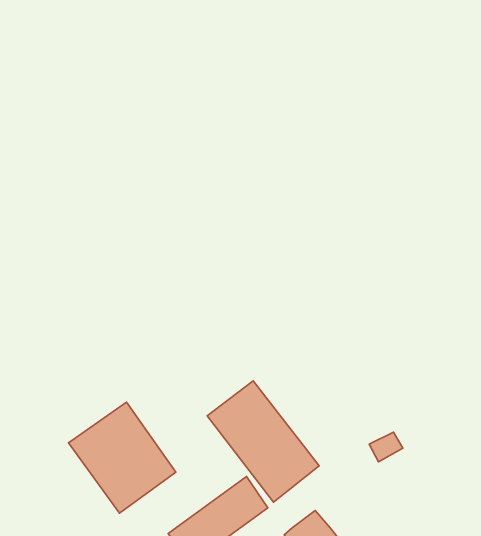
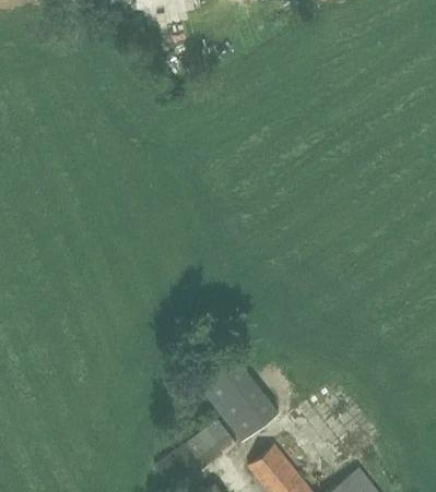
building: [69,402,176,513] -> none

